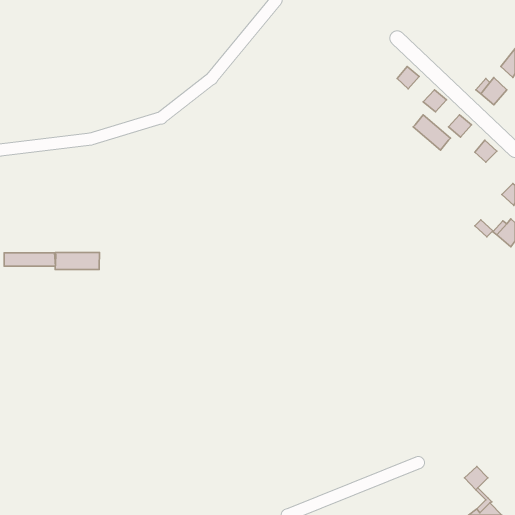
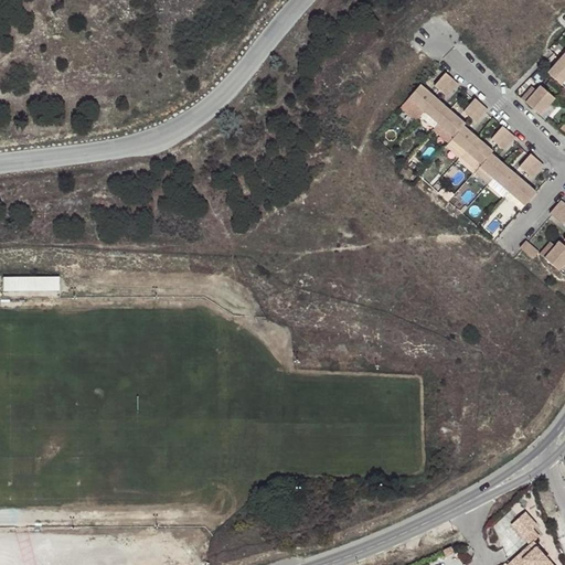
building: none -> [409,85,466,137]
building: none -> [480,153,537,206]
building: [55,252,100,270] -> none

